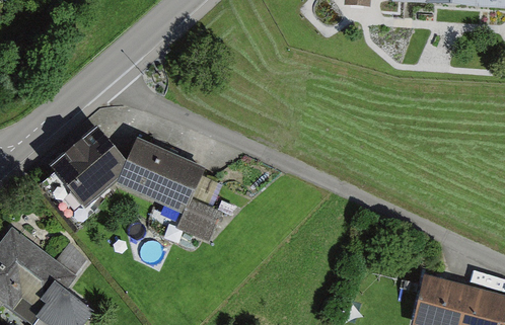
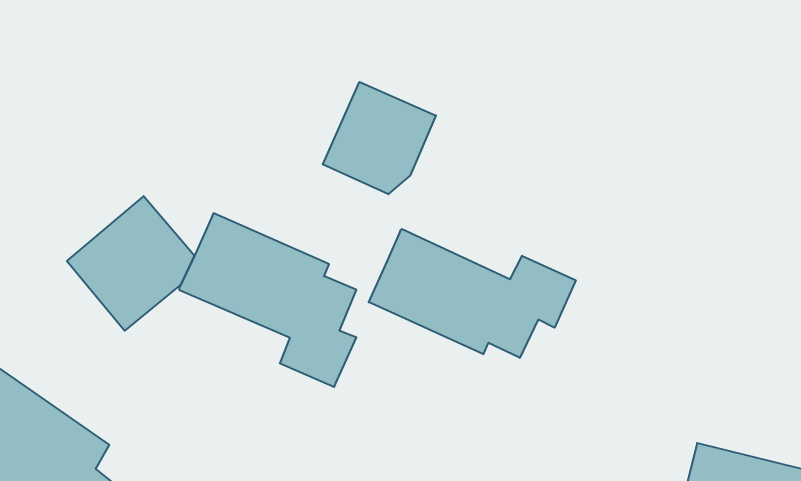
building: none -> [323,82,436,194]
building: none -> [369,229,576,358]

